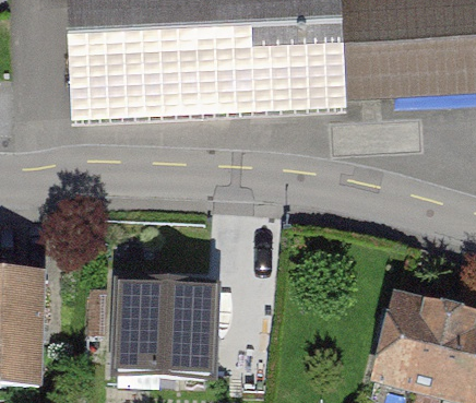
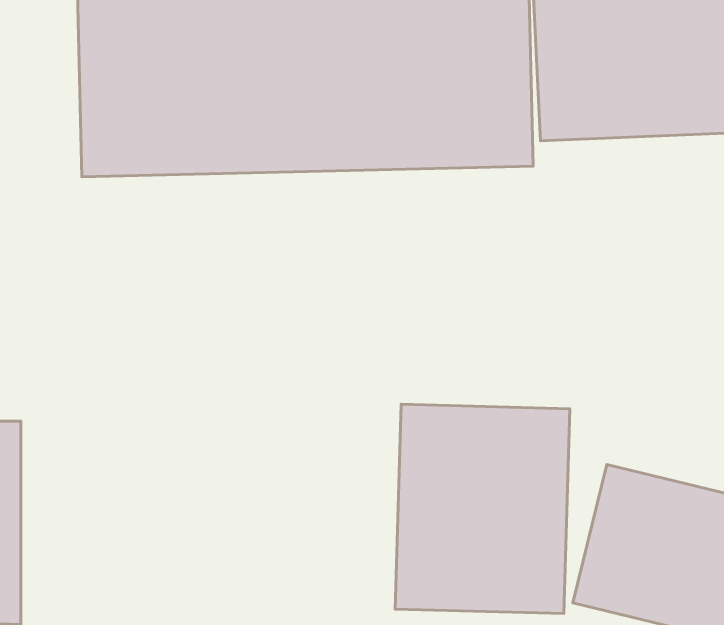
building: none -> [395,404,570,614]
building: [107,275,218,382] -> none

